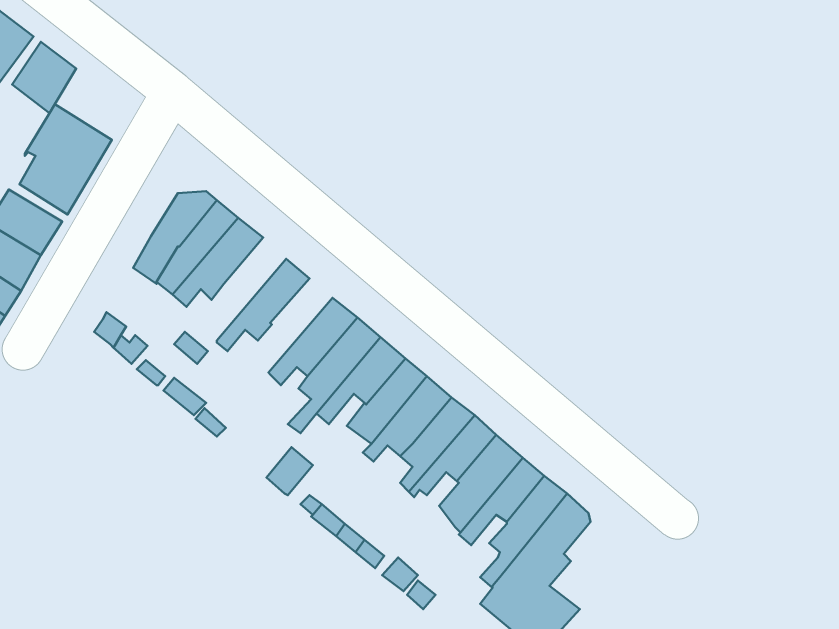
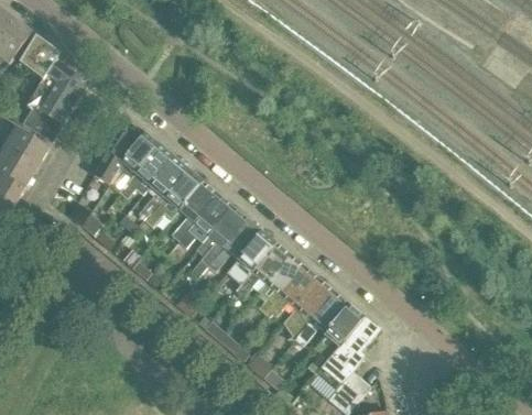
building: none -> [44,52,89,96]
building: none -> [137,156,187,220]
building: none -> [170,182,216,240]

